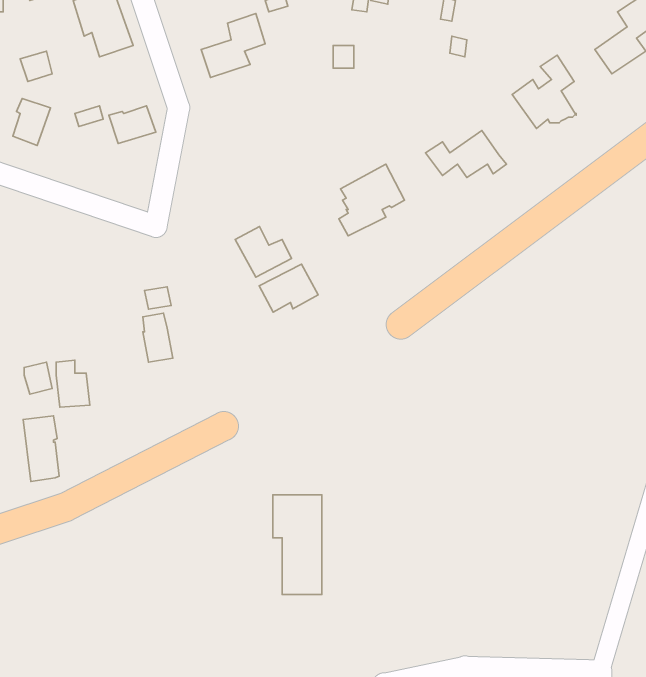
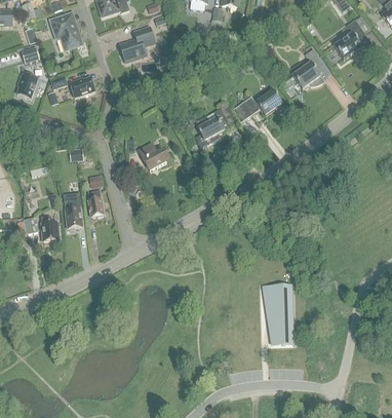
building: [259,264,318,312] -> none
building: [23,416,59,482] -> [63,192,82,228]
building: [273,495,322,594] -> [267,289,293,343]

